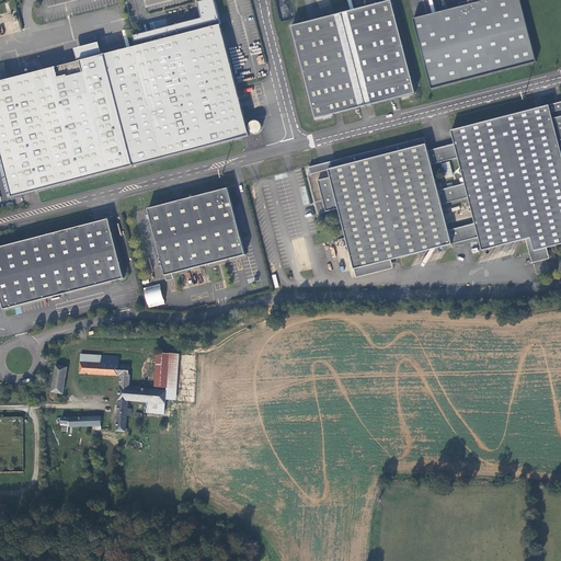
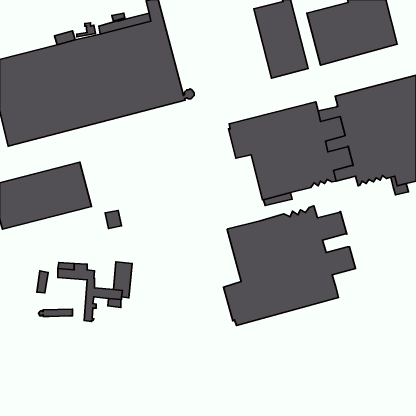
building: [290,12,365,118] -> none
building: [147,187,244,275] -> none
building: none -> [223,206,355,325]

